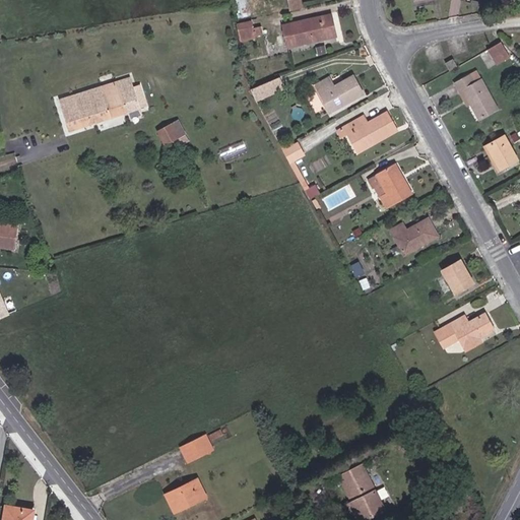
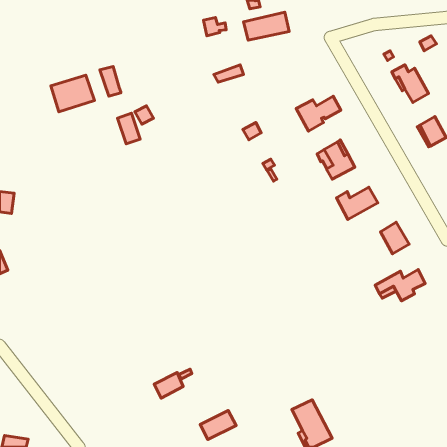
building: [314,75,363,113] -> none
building: [100,81,126,117] -> [117,113,140,144]
building: [165,478,206,512] -> [200,411,236,439]

